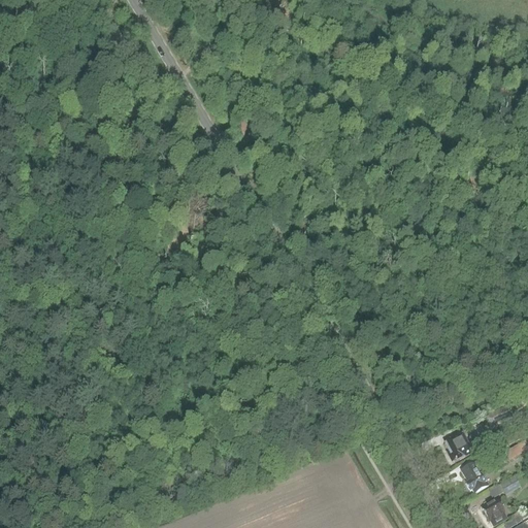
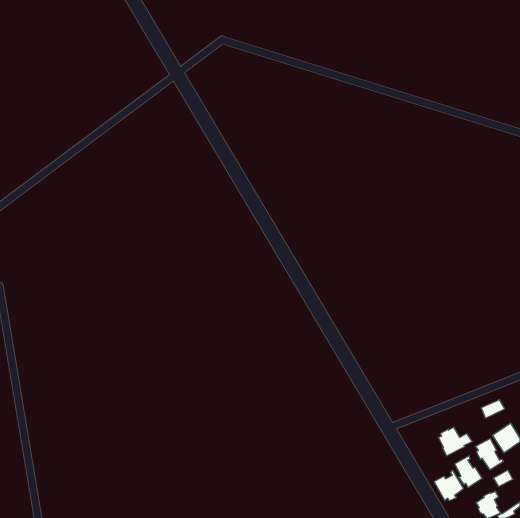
building: none -> [476,439,504,470]
building: none -> [434,470,464,501]

